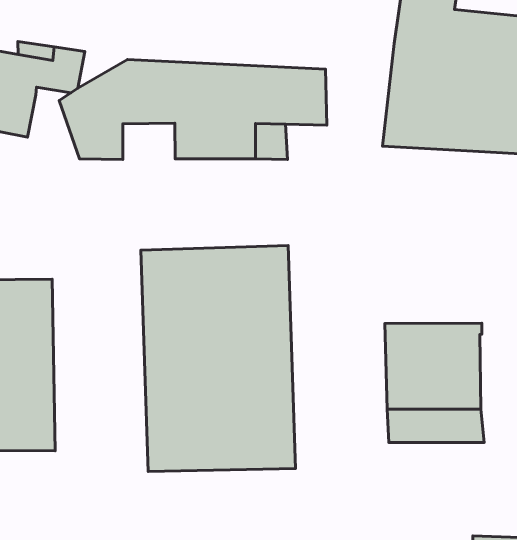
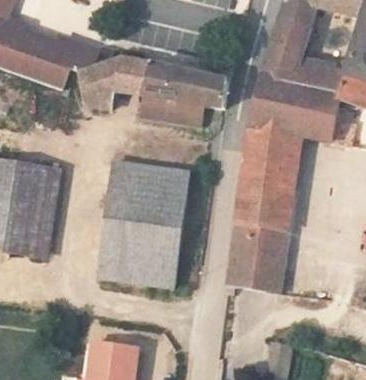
building: none -> [235,124,300,227]

